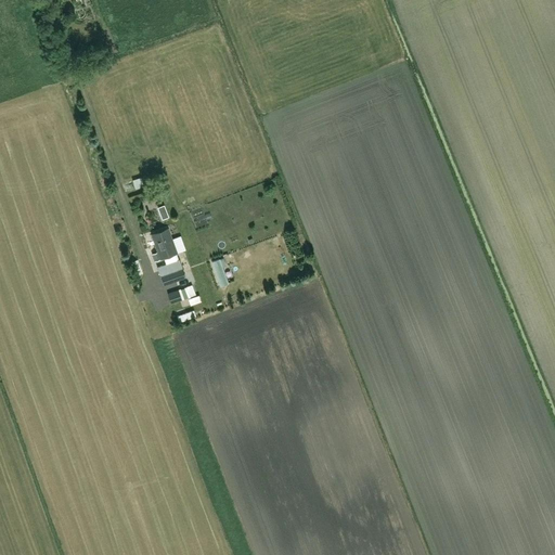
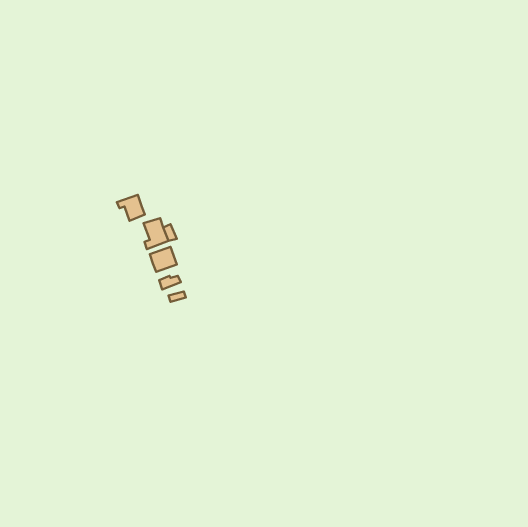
building: none -> [117,195,145,221]

